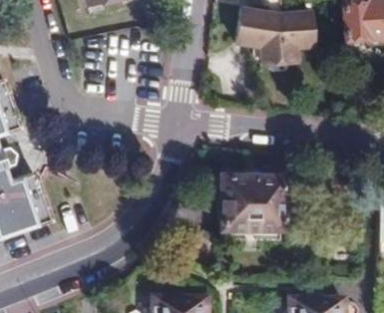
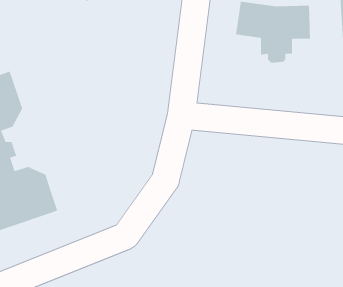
building: [220,169,299,242] -> none

